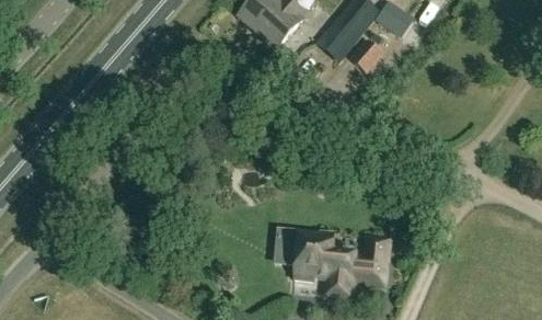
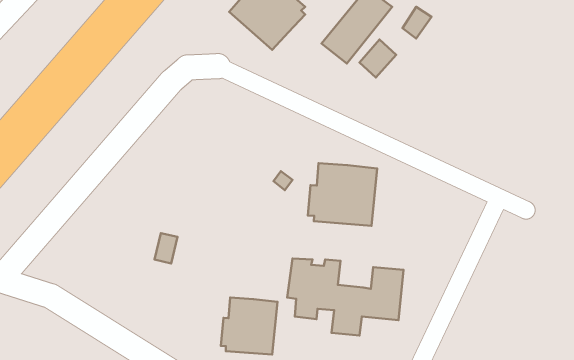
building: none -> [308,163,377,226]
building: none -> [221,297,278,355]

